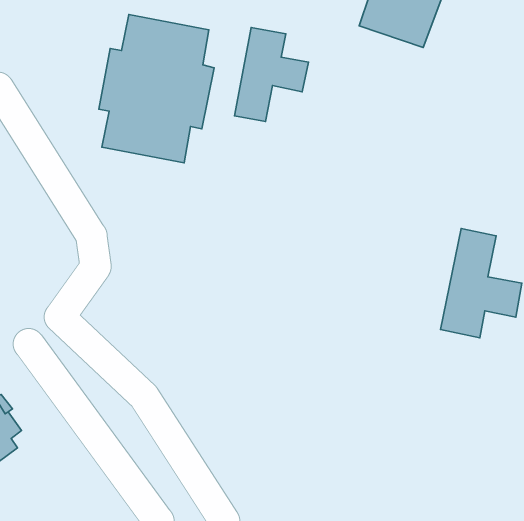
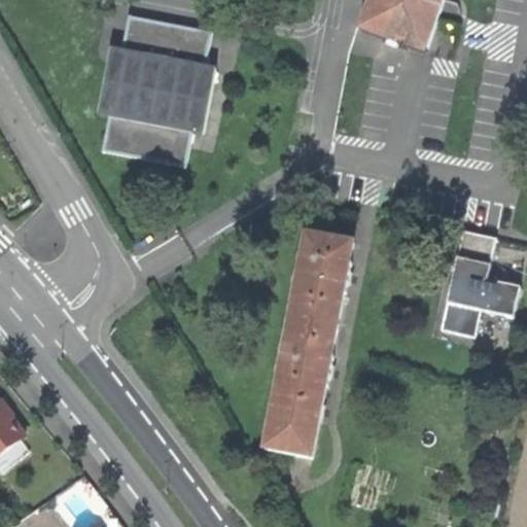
building: [235,27,308,122] -> none
building: none -> [265,232,351,454]

